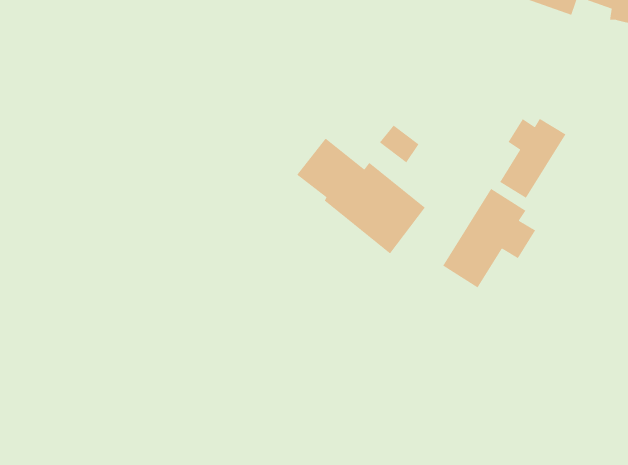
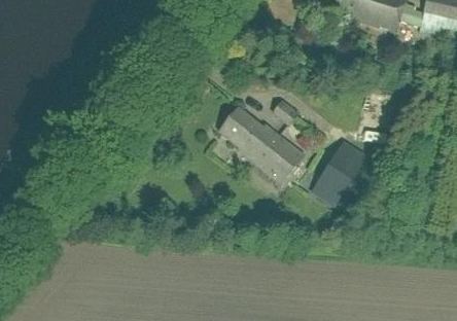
building: [499,118,567,199] -> none

